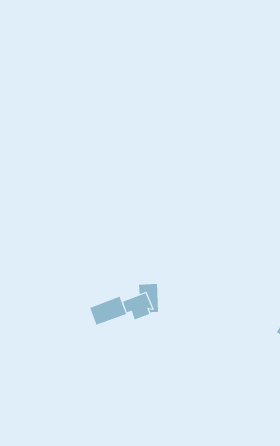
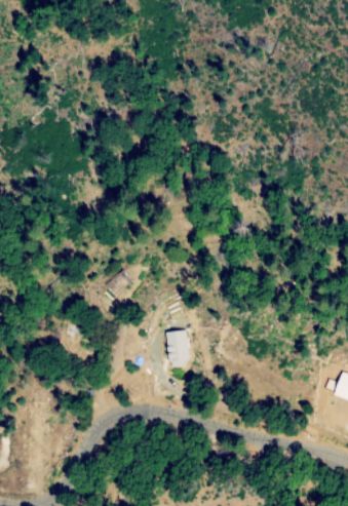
building: [89,296,127,325] -> none

